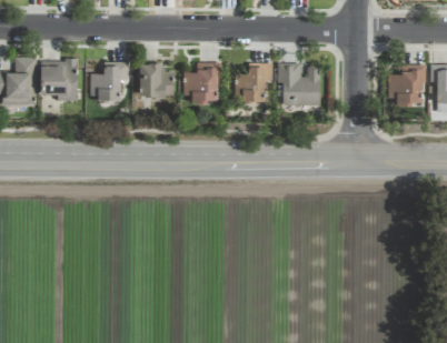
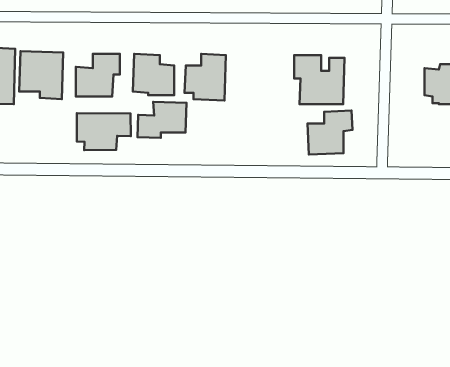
building: [235,63,274,101] -> [307,111,353,155]
building: none -> [138,102,186,138]
building: none -> [77,113,131,150]

